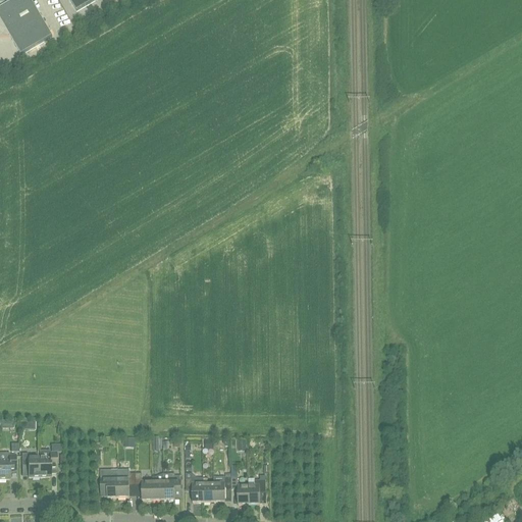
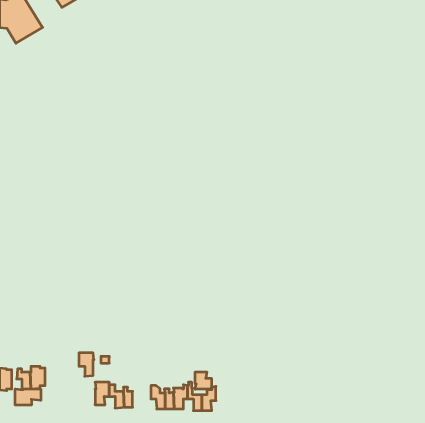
building: none -> [195,372,211,389]
building: [99,468,117,497] -> [79,353,94,376]
building: [162,472,179,499] -> none
building: none -> [15,389,41,405]

